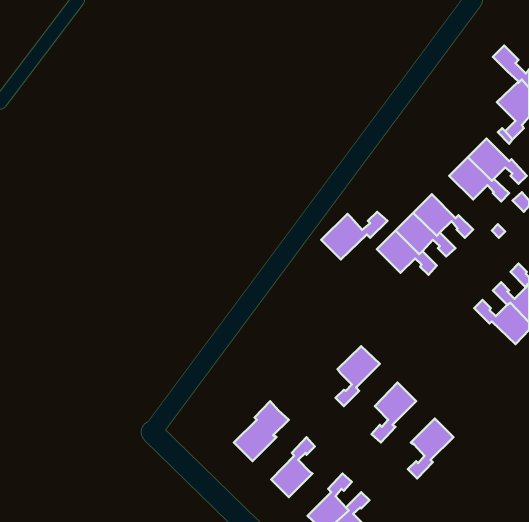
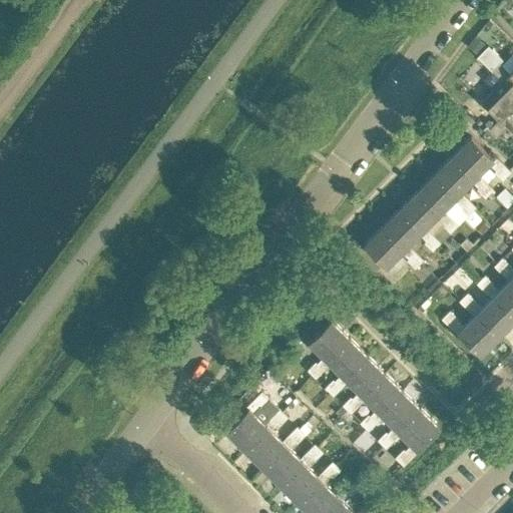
building: none -> [418,176,476,219]
building: [321,212,387,259] -> none
building: none -> [442,315,499,358]
building: none -> [308,324,350,382]
building: none -> [343,359,385,417]
building: none -> [378,395,421,452]
building: none -> [244,413,288,471]
building: none -> [280,448,323,506]

